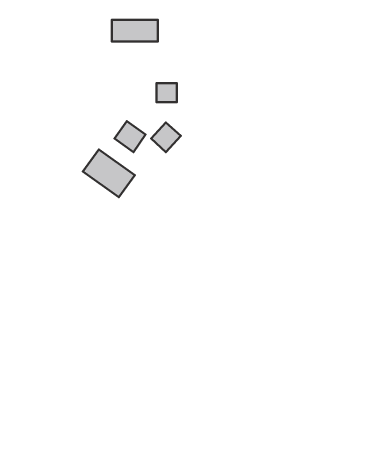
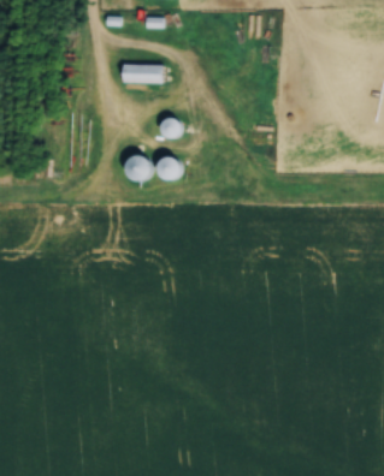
building: [83,149,135,197] -> none

